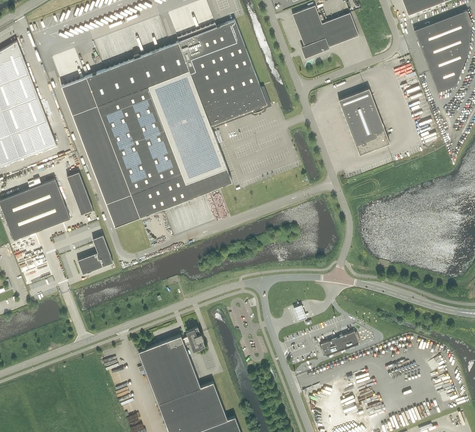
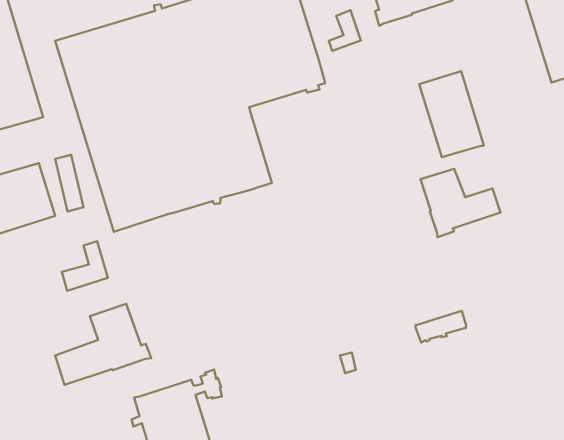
building: none -> [329,10,361,51]
building: none -> [421,169,501,237]
building: none -> [55,304,151,385]
building: [321,331,359,357] -> [416,311,466,342]

